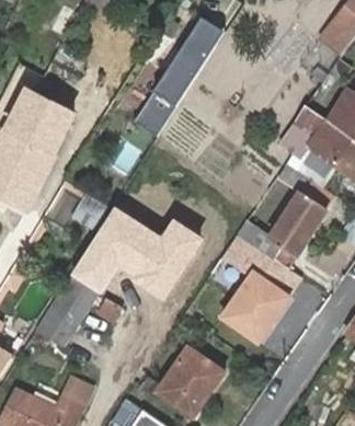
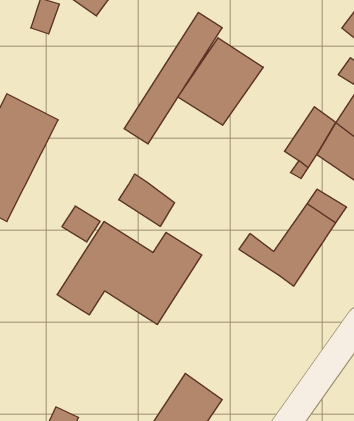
building: none -> [178,38,263,125]
building: none -> [119,174,175,226]
building: [221,233,289,341] -> none
building: [37,275,83,345] -> none

